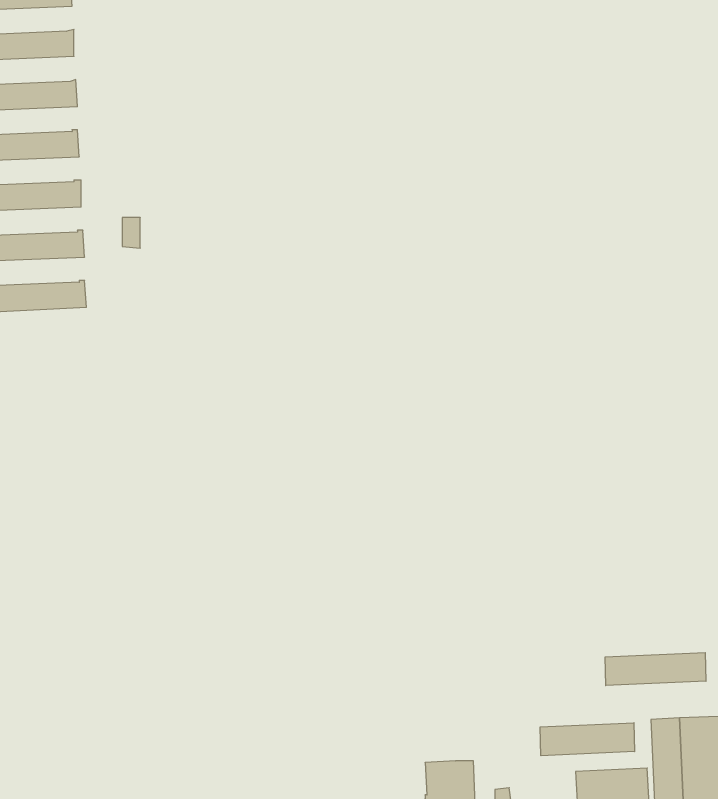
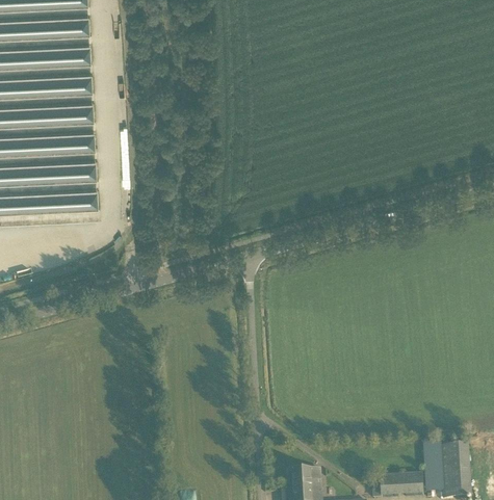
building: [605,653,706,686] -> none
building: [540,723,635,756] -> none

